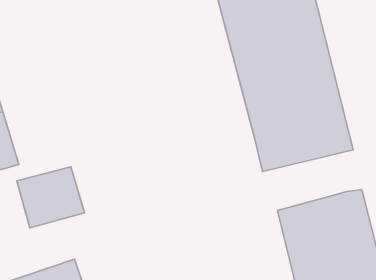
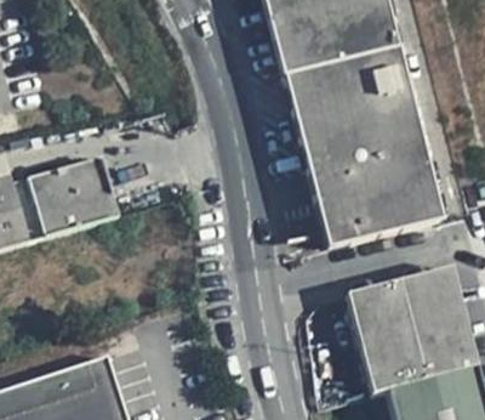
building: [17,167,85,228] -> [32,161,114,235]

